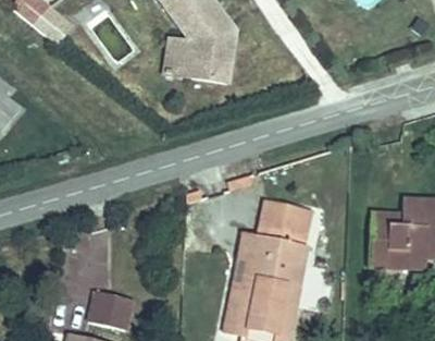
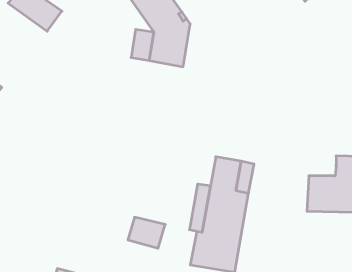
building: [92,290,137,327] -> [128,217,165,248]

